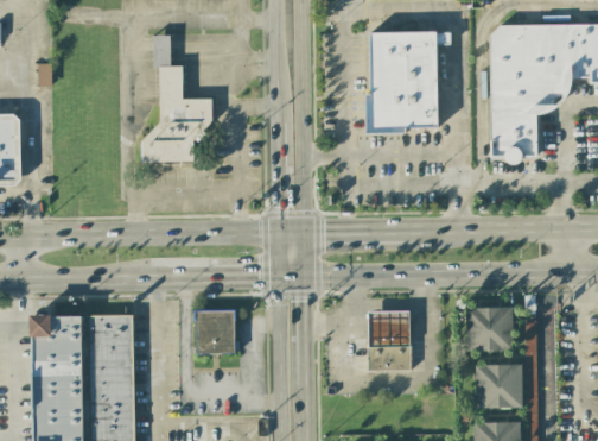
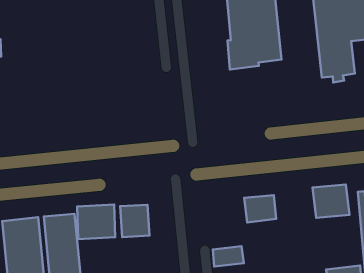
building: [141,36,210,163] -> none
building: none -> [77,204,115,239]
building: [370,347,412,372] -> [213,246,244,267]
building: [475,365,522,409] -> none

